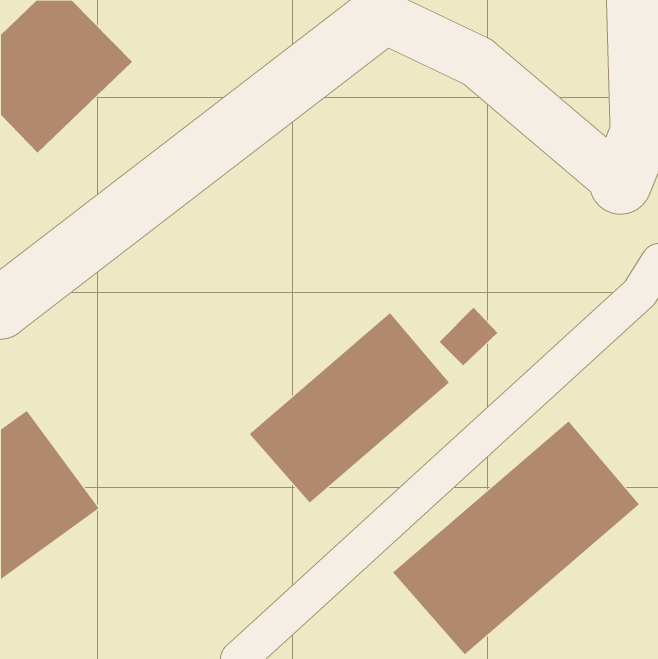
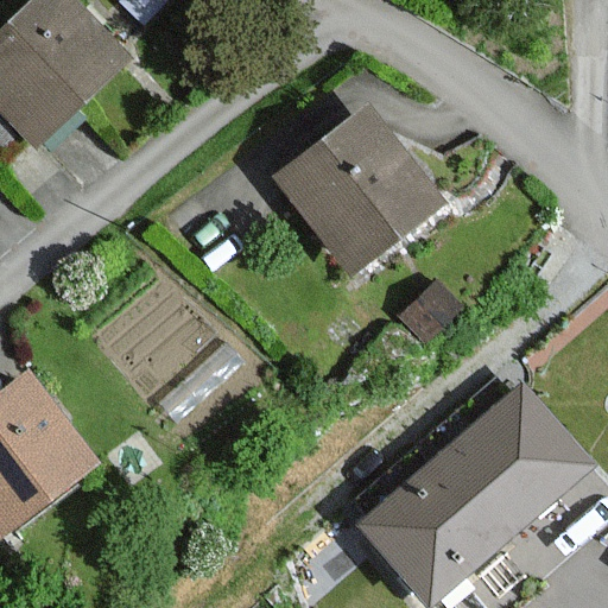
building: none -> [276,109,437,273]
building: [249,312,450,504] -> none

